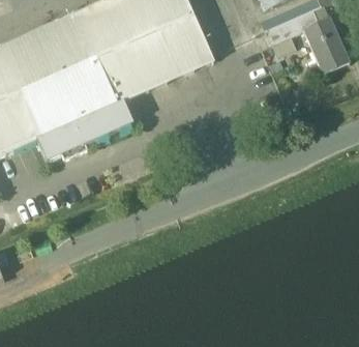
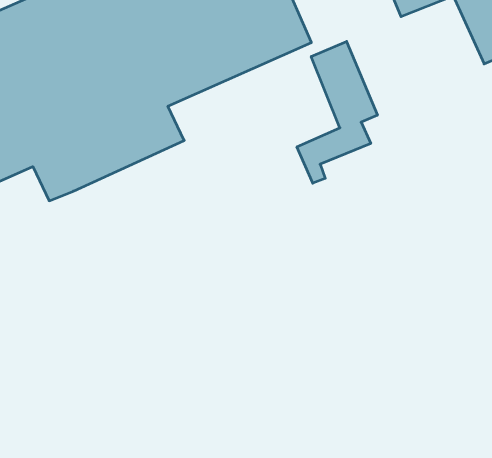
building: none -> [297,41,377,183]

